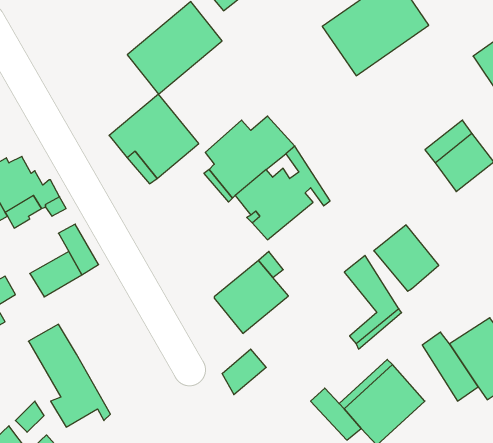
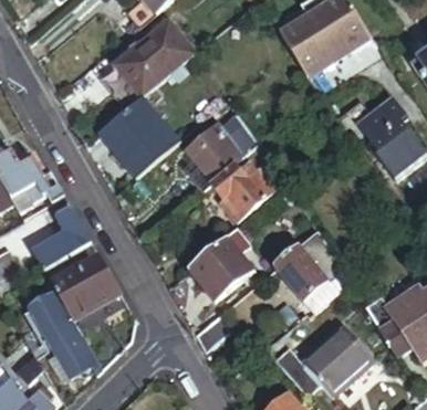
building: none -> [353,94,405,143]
building: [374,225,439,291] -> [272,246,327,303]
building: none -> [52,255,118,316]

